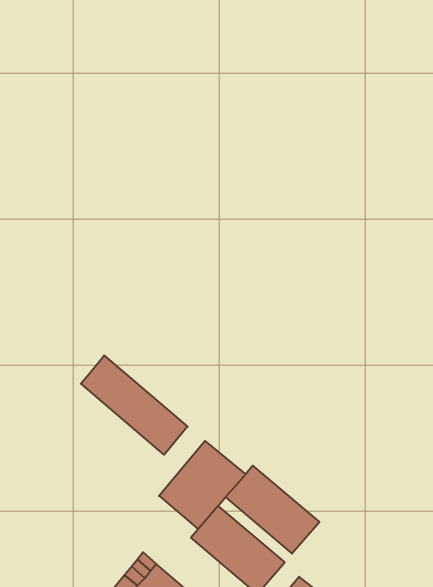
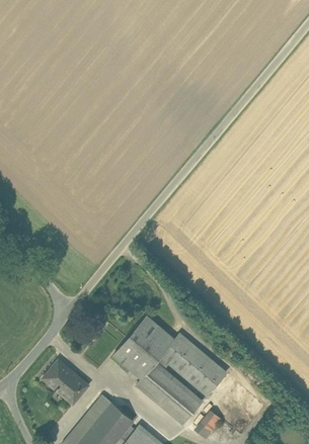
building: [81,355,188,455] -> none
building: none -> [42,359,88,404]

